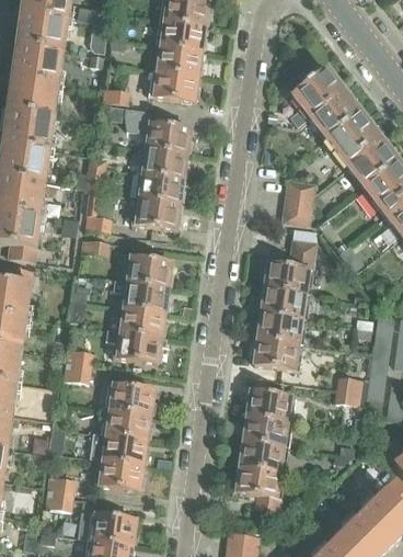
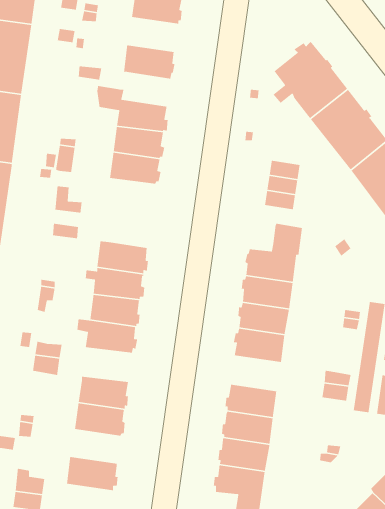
building: [152,45,201,77] -> none
building: [131,196,182,228] -> none
building: [91,431,148,464] -> none

